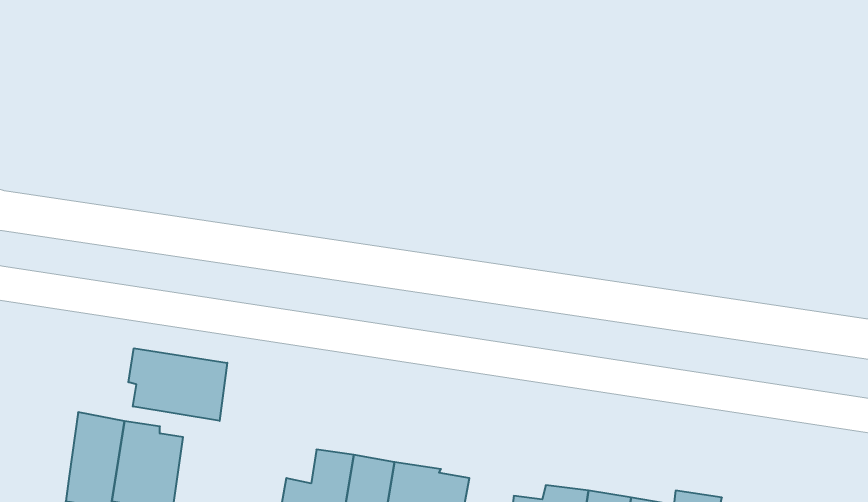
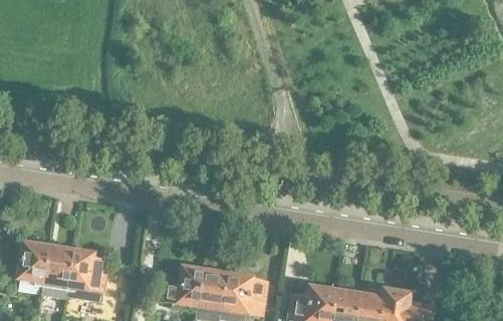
building: [128,348,227,421] -> none
building: none -> [19,241,47,280]

